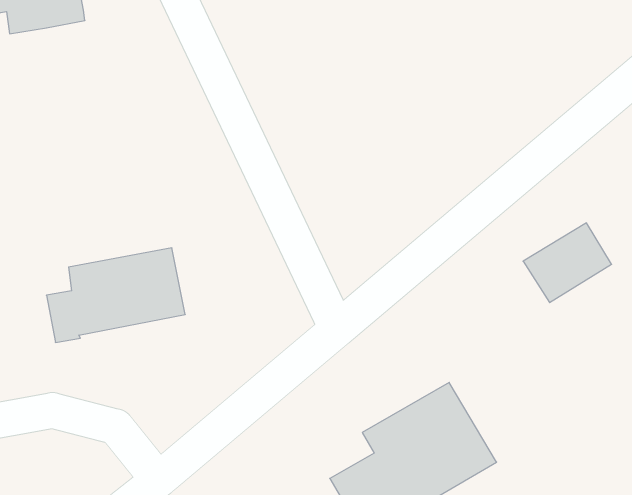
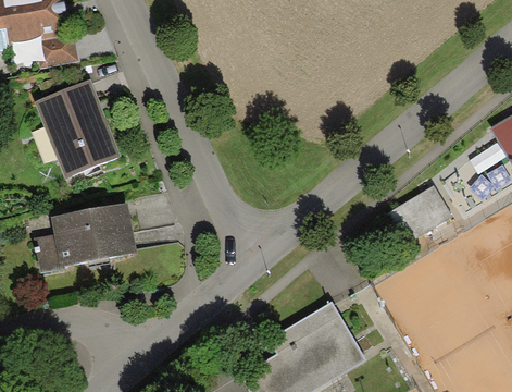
building: none -> [36,25,79,66]
building: none -> [35,79,121,177]

